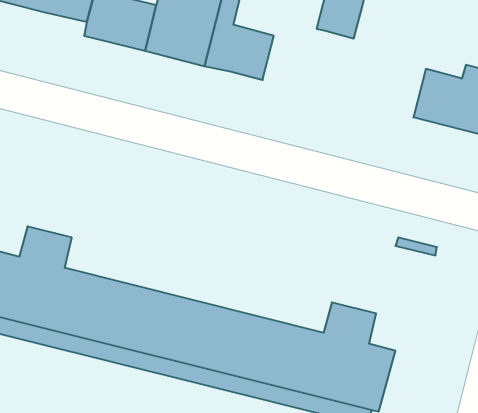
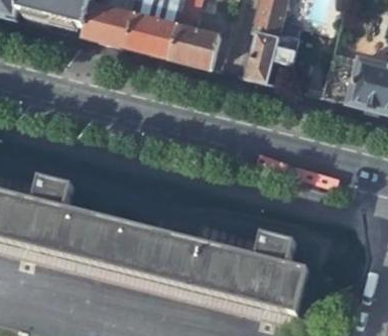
building: none -> [245,19,301,88]

